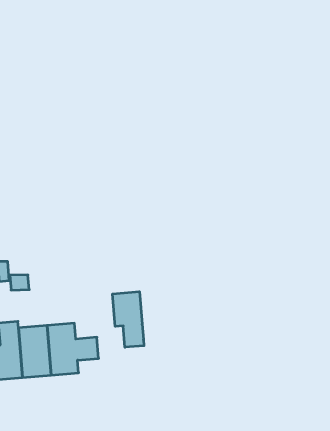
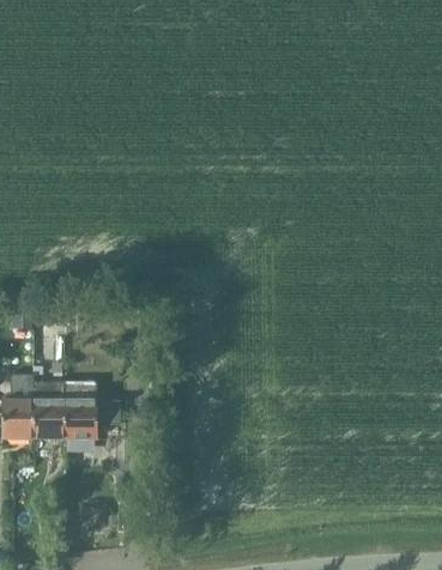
building: [113,292,144,347] -> none

